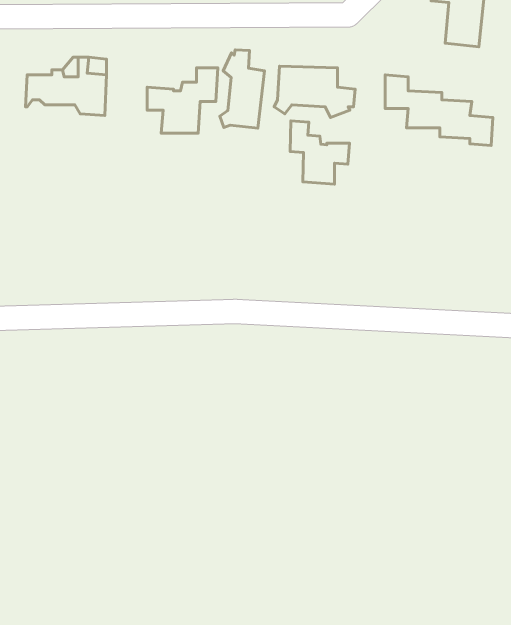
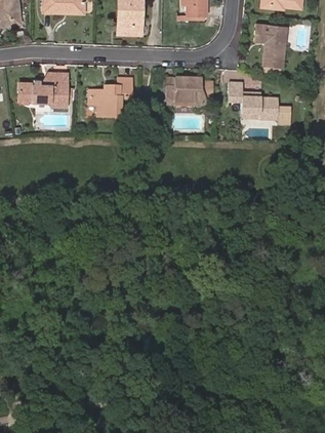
building: [220,50,264,128] -> none
building: [290,121,350,184] -> none

